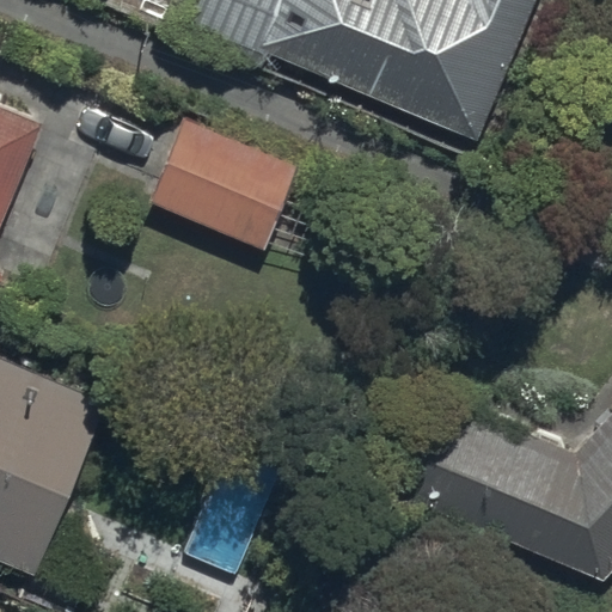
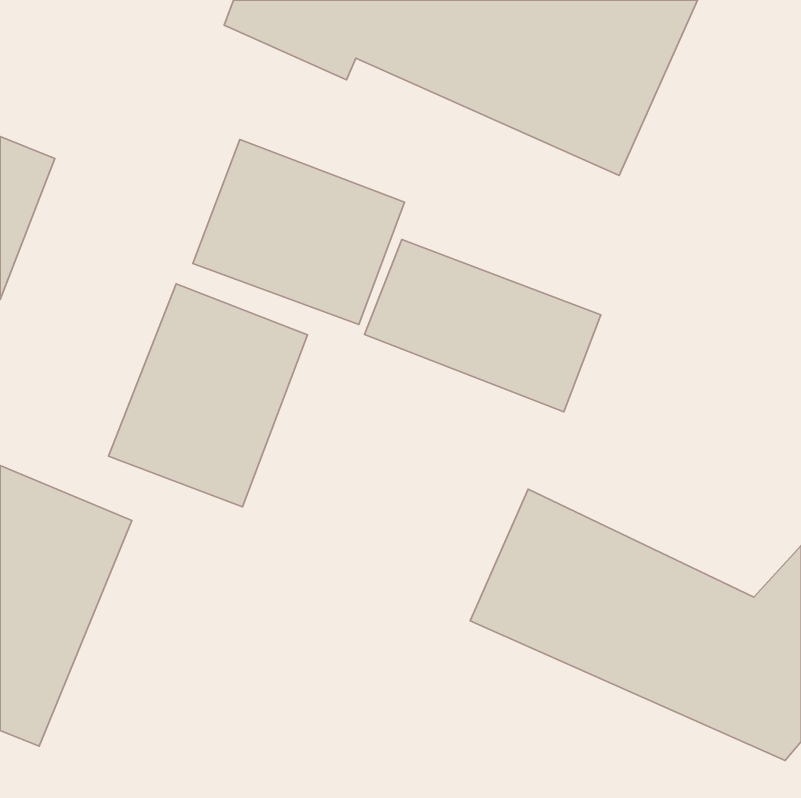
building: none -> [365,240,601,412]
building: none -> [108,284,308,507]

